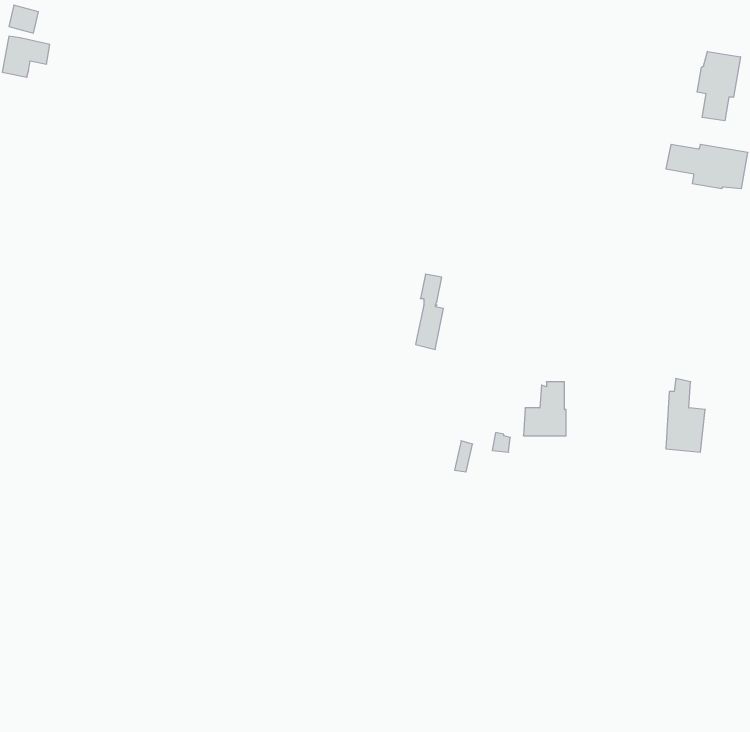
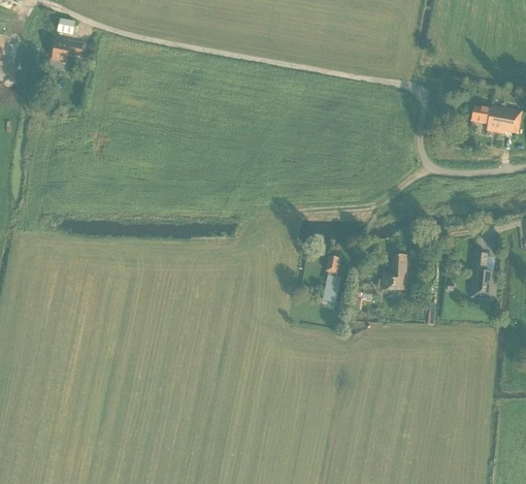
building: [697,51,741,121] -> none
building: [416,274,443,349] -> [323,256,340,303]

